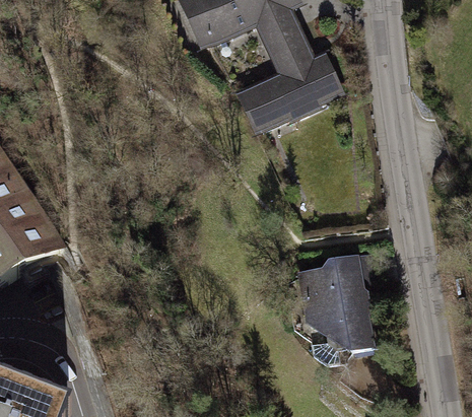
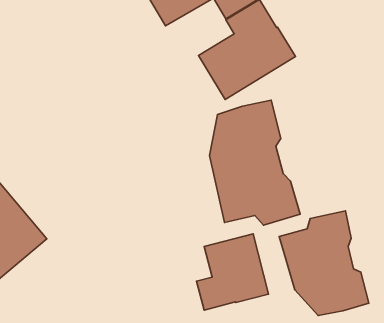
building: none -> [209,100,300,225]
building: none -> [197,234,268,310]

